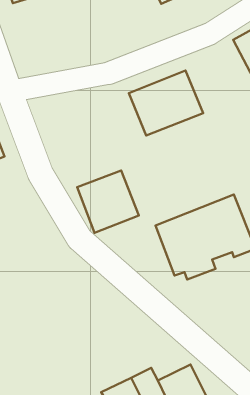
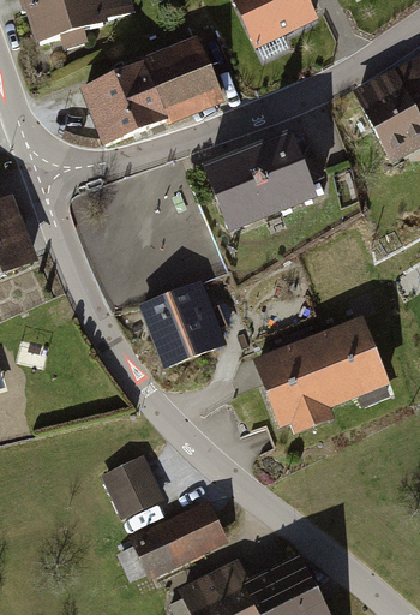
building: none -> [88,41,221,144]
building: none -> [97,452,161,517]
building: none -> [127,496,227,579]

